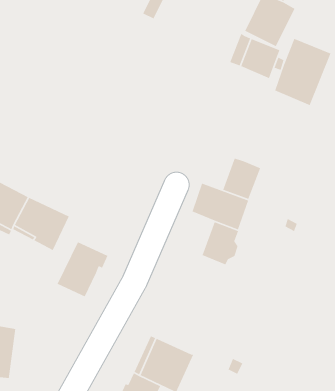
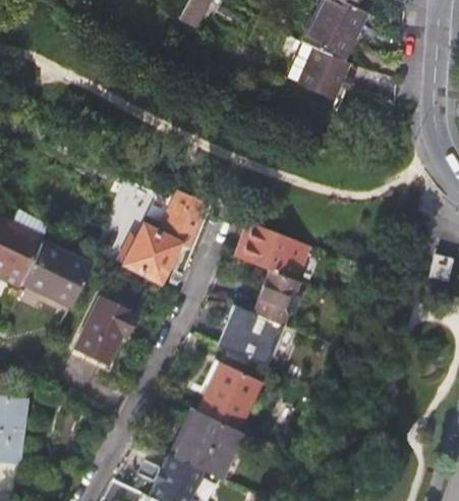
building: [274,38,331,106] -> none
building: none -> [115,191,210,282]
building: [222,158,261,200] -> none
building: none -> [218,305,282,367]
building: none -> [199,365,263,432]

